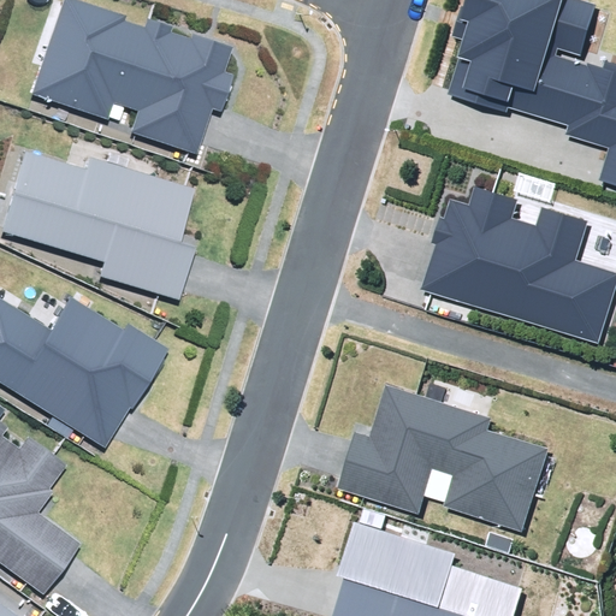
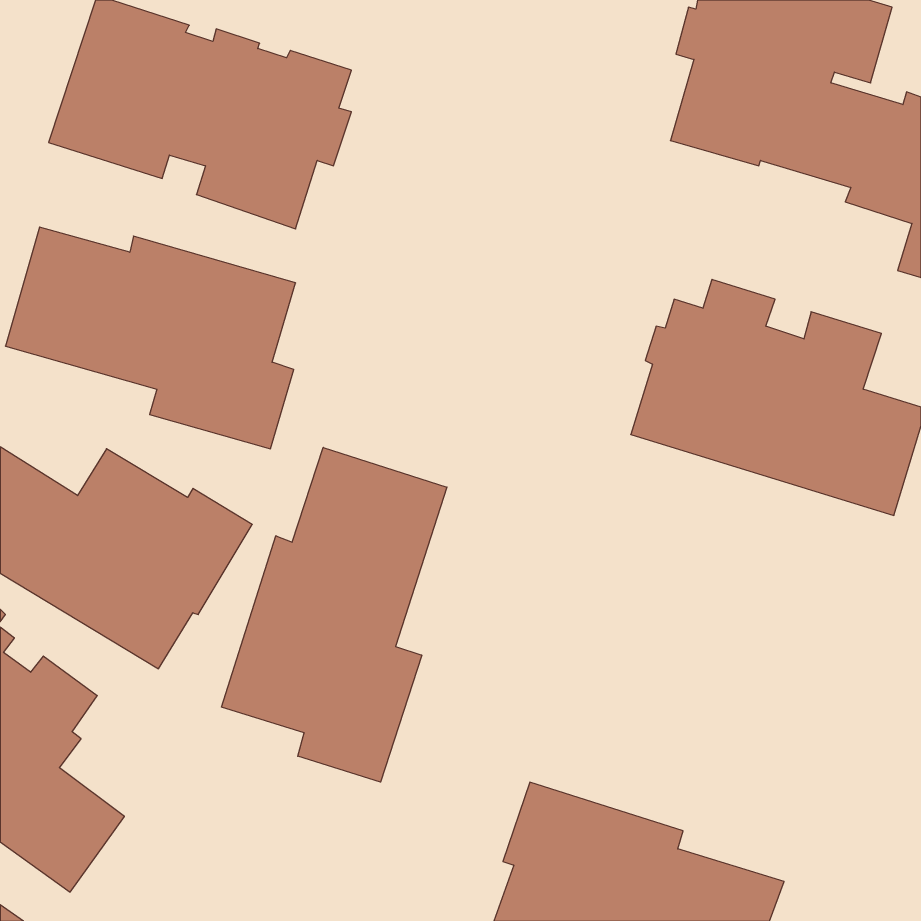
building: none -> [221,447,447,782]
building: [336,385,549,532] -> none

